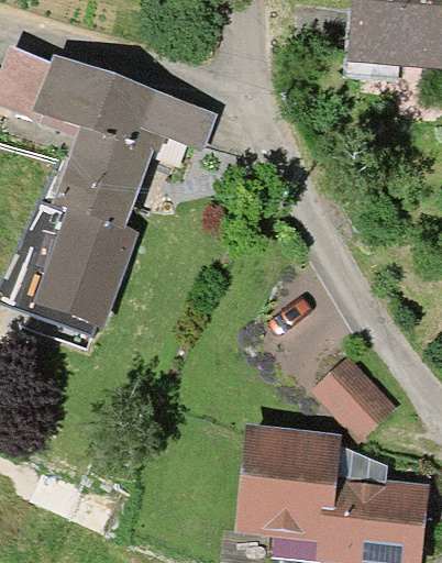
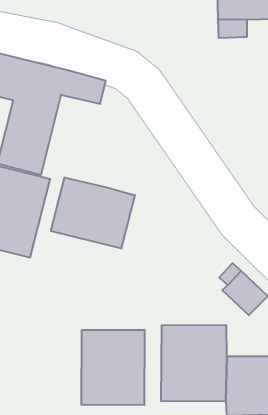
building: none -> [51,177,135,249]
building: none -> [82,330,144,405]

